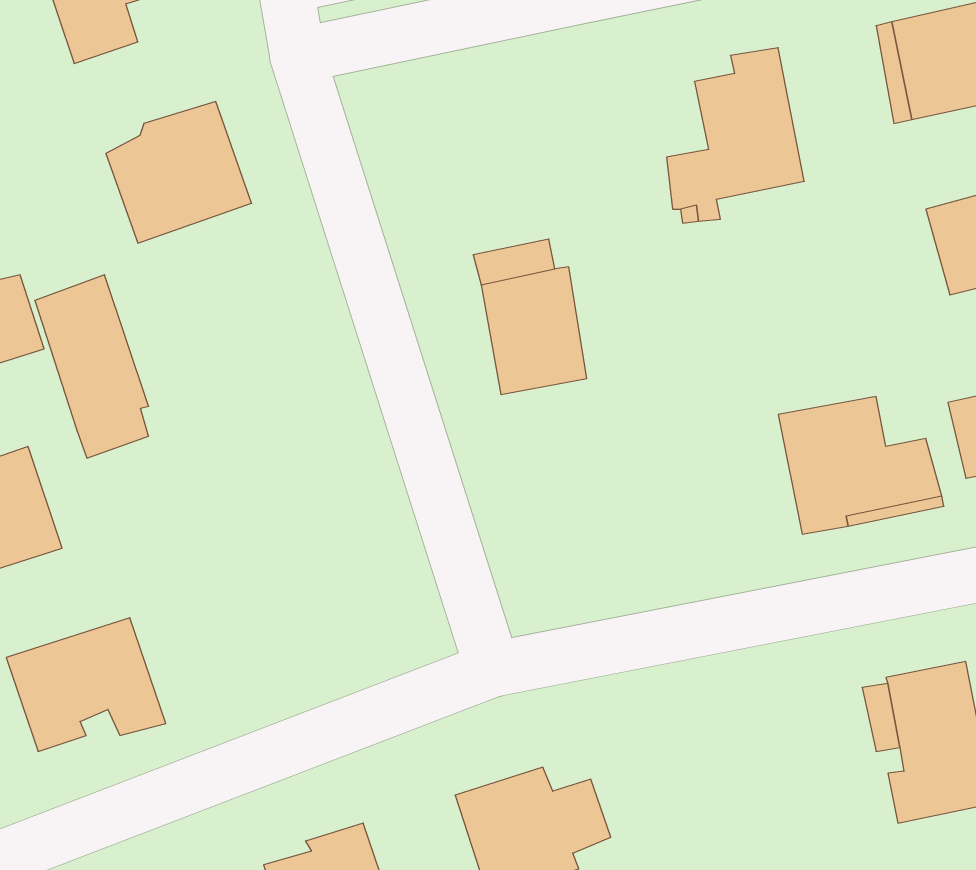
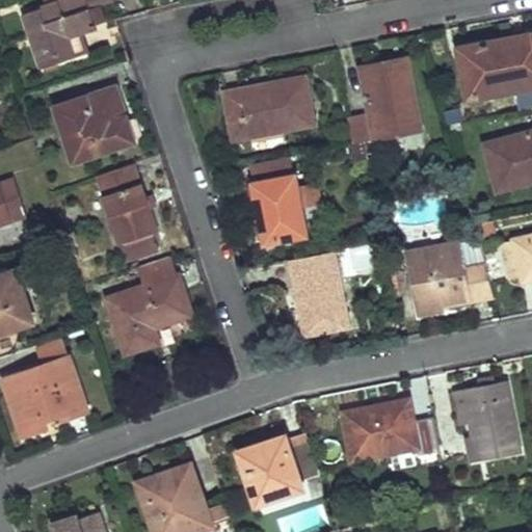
building: none -> [227,79,314,139]
building: [35,275,149,458] -> [97,164,156,260]
building: none -> [289,251,348,336]
building: none -> [106,257,191,352]
building: none -> [343,402,440,460]

